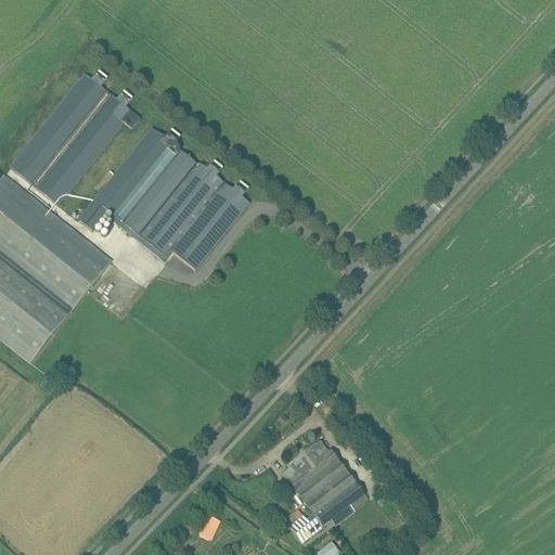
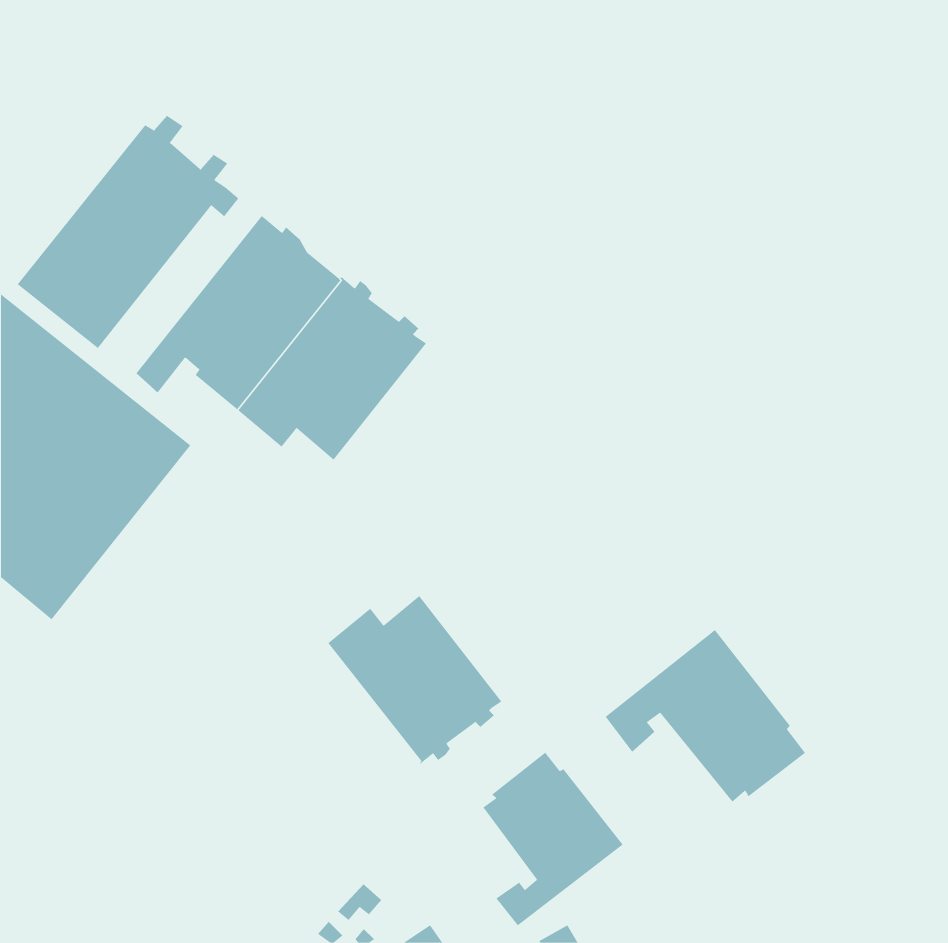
building: none -> [327,595,502,765]
building: none -> [605,629,806,803]

